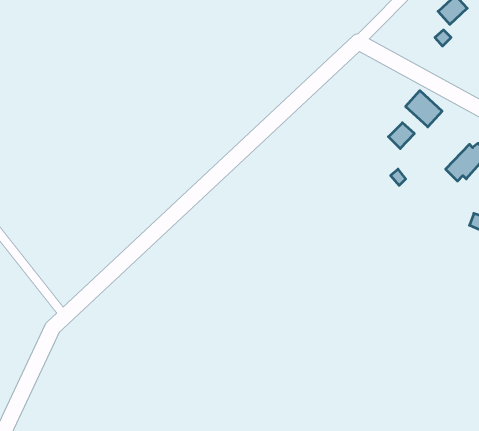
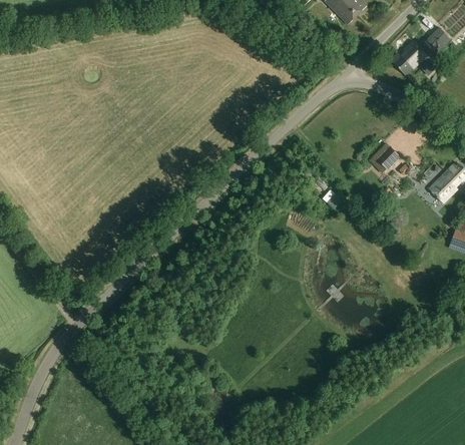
building: none -> [392,41,427,75]
building: [406,91,442,127] -> none

